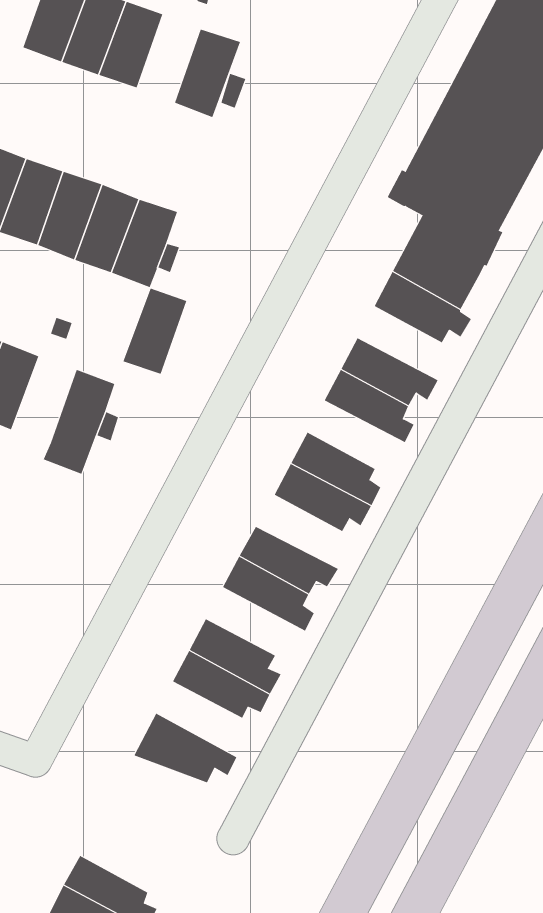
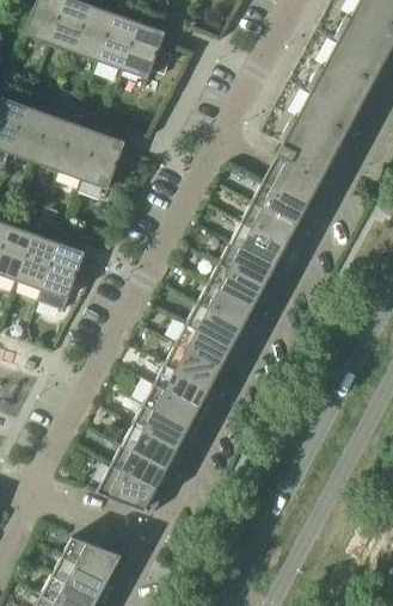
building: none -> [99,14,140,72]
building: [122,288,187,375] -> [18,235,60,291]
building: none -> [241,203,300,251]
building: none -> [209,264,272,308]
building: none -> [176,324,235,372]
building: none -> [143,384,208,428]
building: none -> [111,445,171,494]
building: none -> [62,537,122,586]

